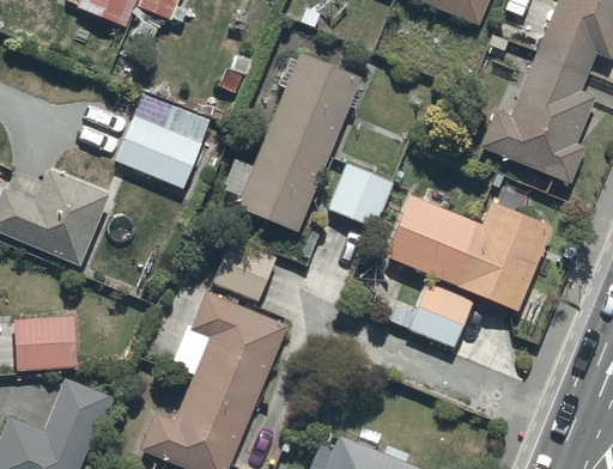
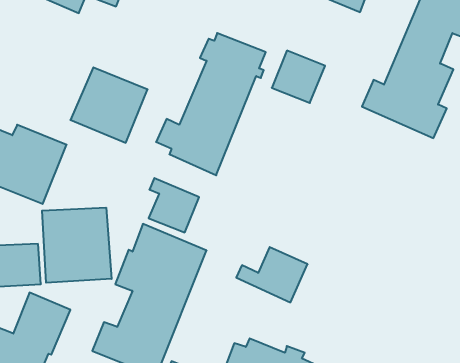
building: [328,163,395,229] -> [272,51,325,103]
building: [383,193,554,311] -> none
building: none -> [42,208,112,283]
building: [386,281,475,351] -> [236,247,308,302]

